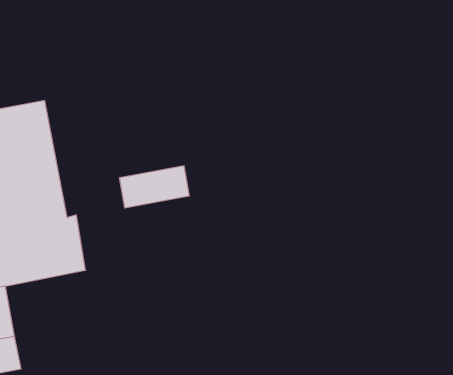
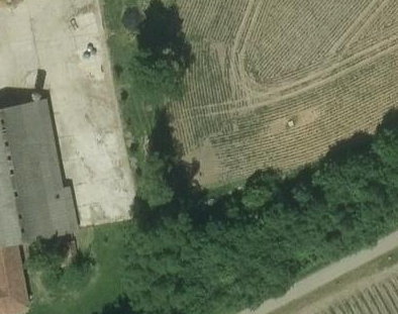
building: [120,166,189,208] -> none

